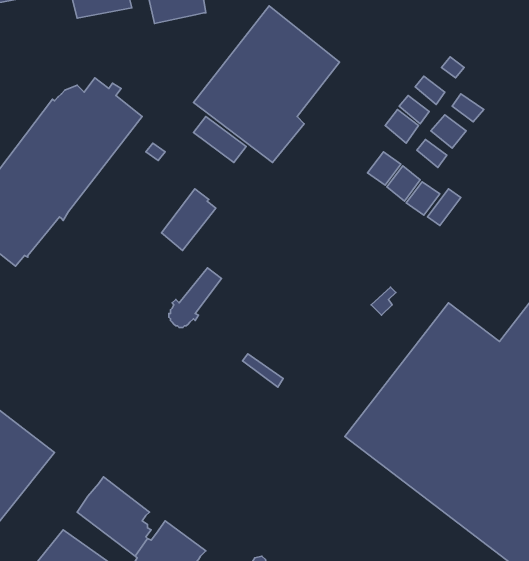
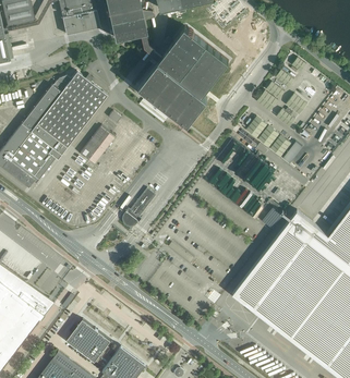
building: [161,189,216,250] -> [80,127,113,166]

